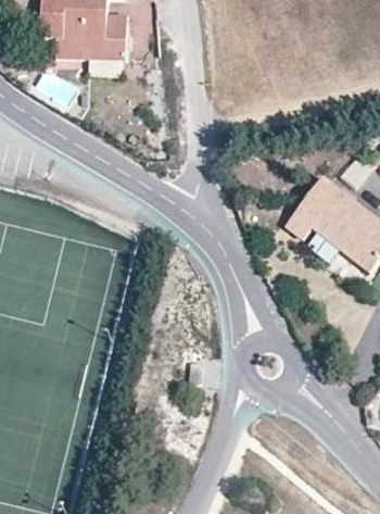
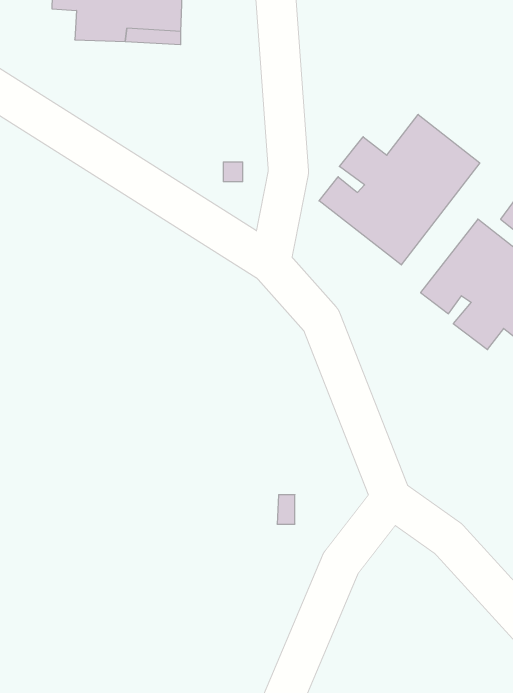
building: none -> [319,114,480,265]

